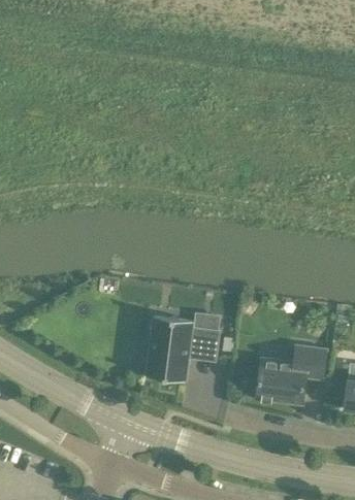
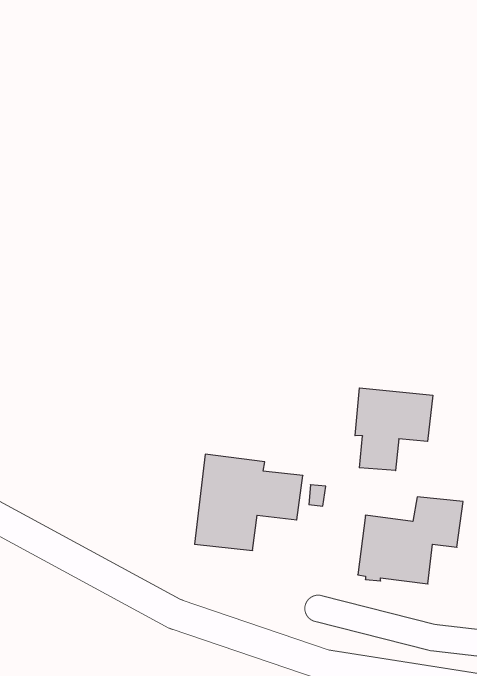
building: none -> [355,388,433,471]

